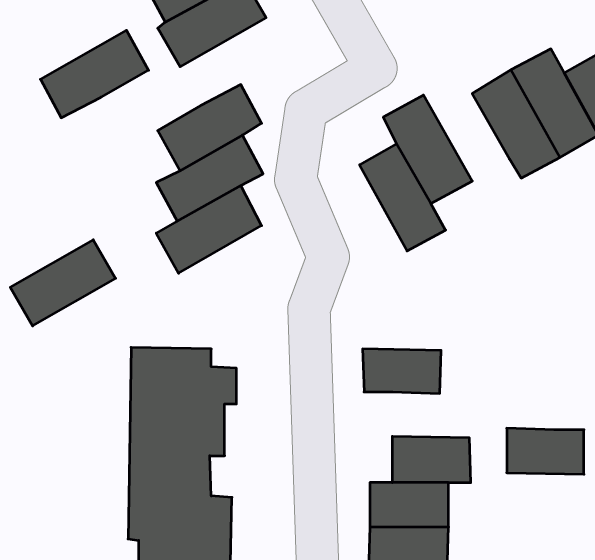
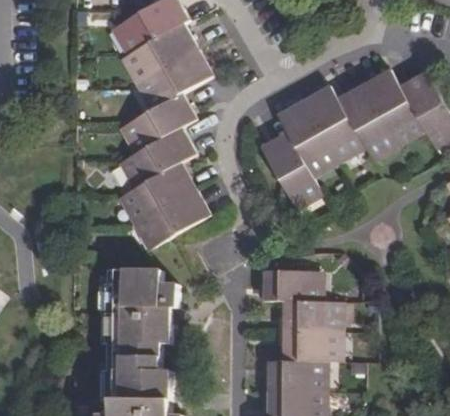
building: [40,30,149,118] -> [140,49,213,108]
building: none -> [304,87,362,159]
building: [10,240,116,326] -> [139,189,210,247]
building: [507,428,584,474] -> [283,301,335,332]

